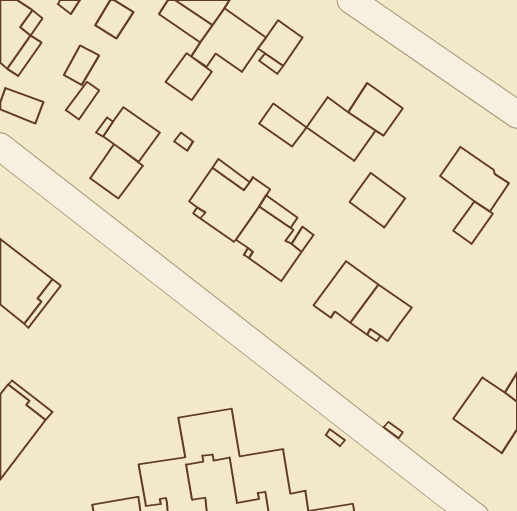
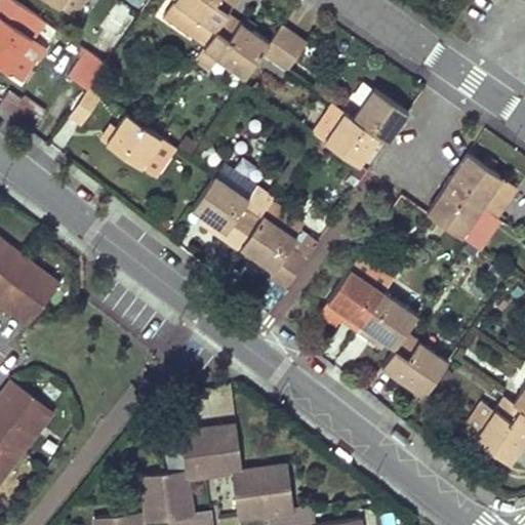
building: [166,53,212,100] -> none
building: [259,104,307,147] -> none
building: [90,144,143,198] -> none
building: [350,173,405,228] -> [425,185,481,240]
building: none -> [381,334,447,398]

